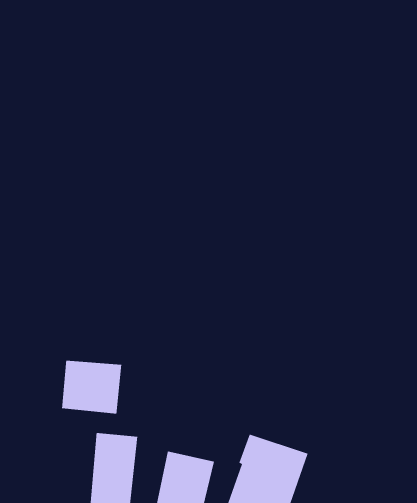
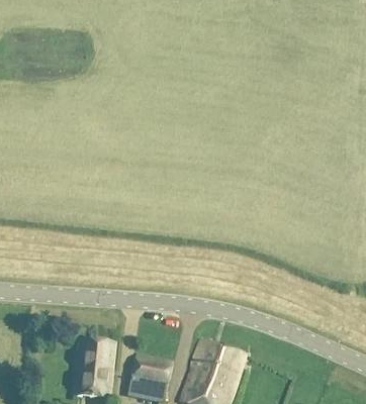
building: [62,360,122,415] -> none

